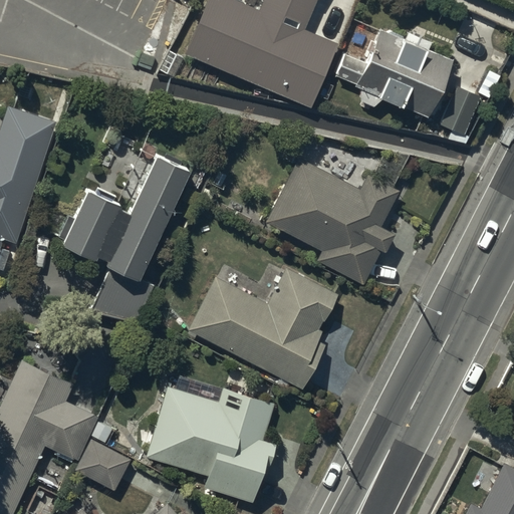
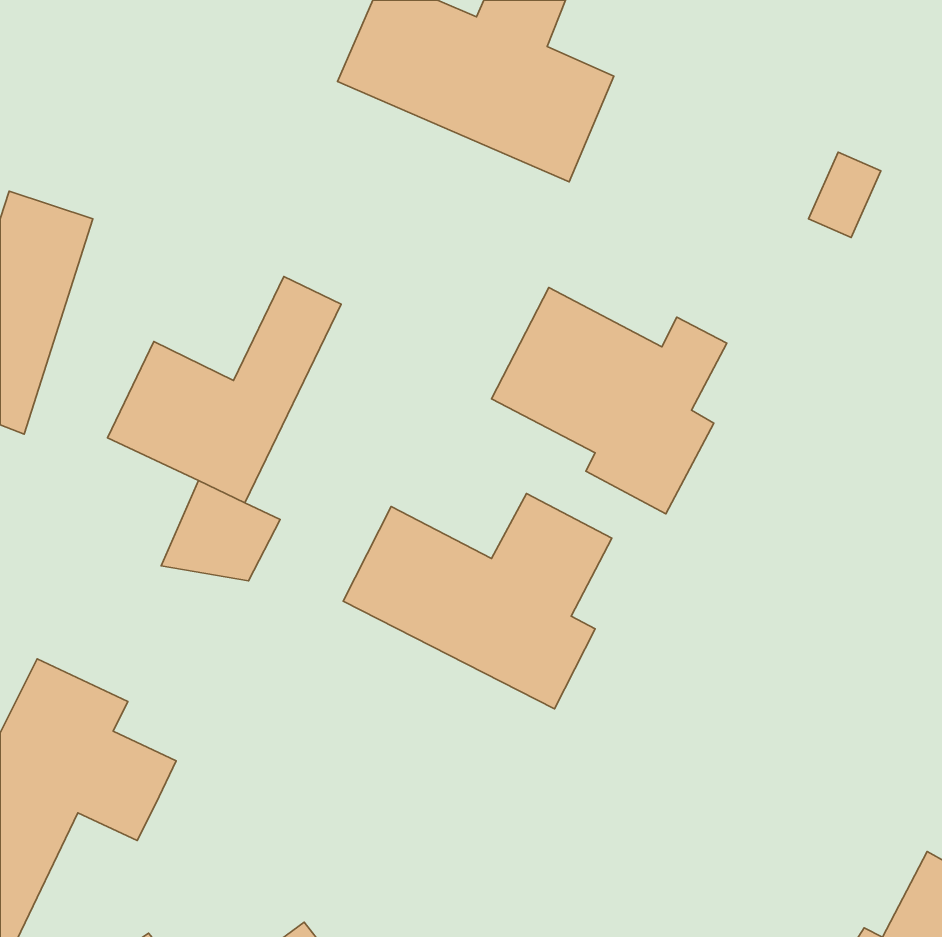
building: [334,25,452,112] -> none
building: [150,391,275,501] -> none
building: [73,441,131,491] -> none

